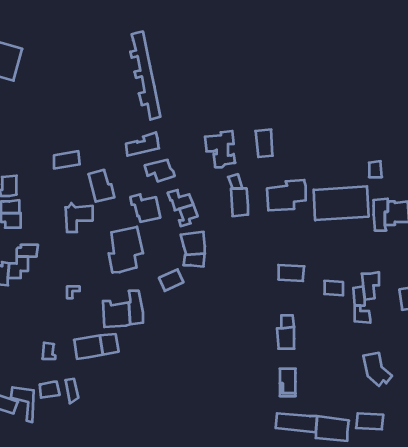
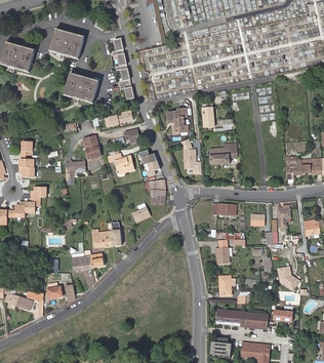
building: none -> [49,28,85,58]
building: none -> [64,73,99,103]
building: [314,186,368,220] -> none
building: [109,227,143,273] -> none

